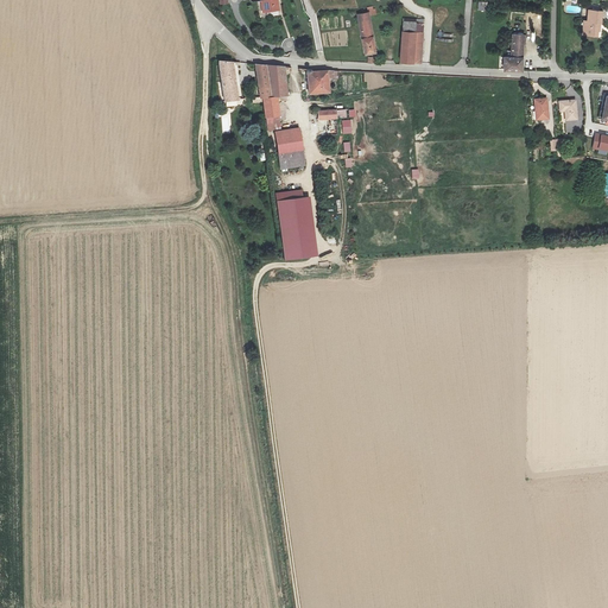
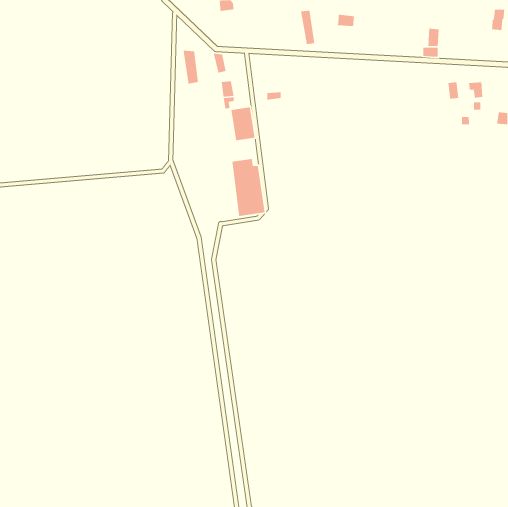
building: [400,31,423,62] -> none
building: [260,64,287,101] -> none
building: [306,68,334,94] -> none

